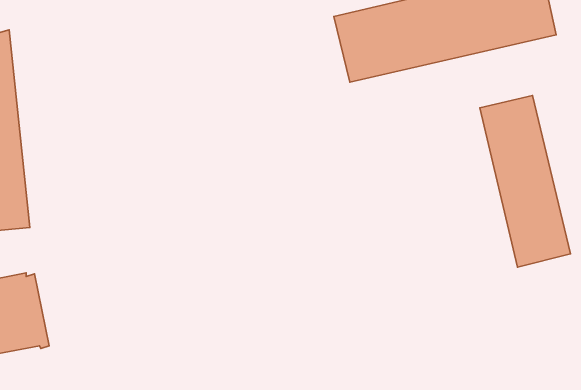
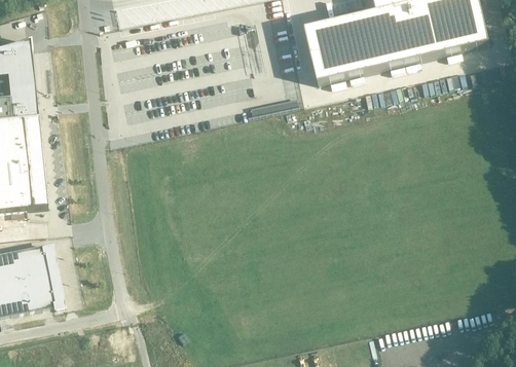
building: [480,96,570,267] -> none

